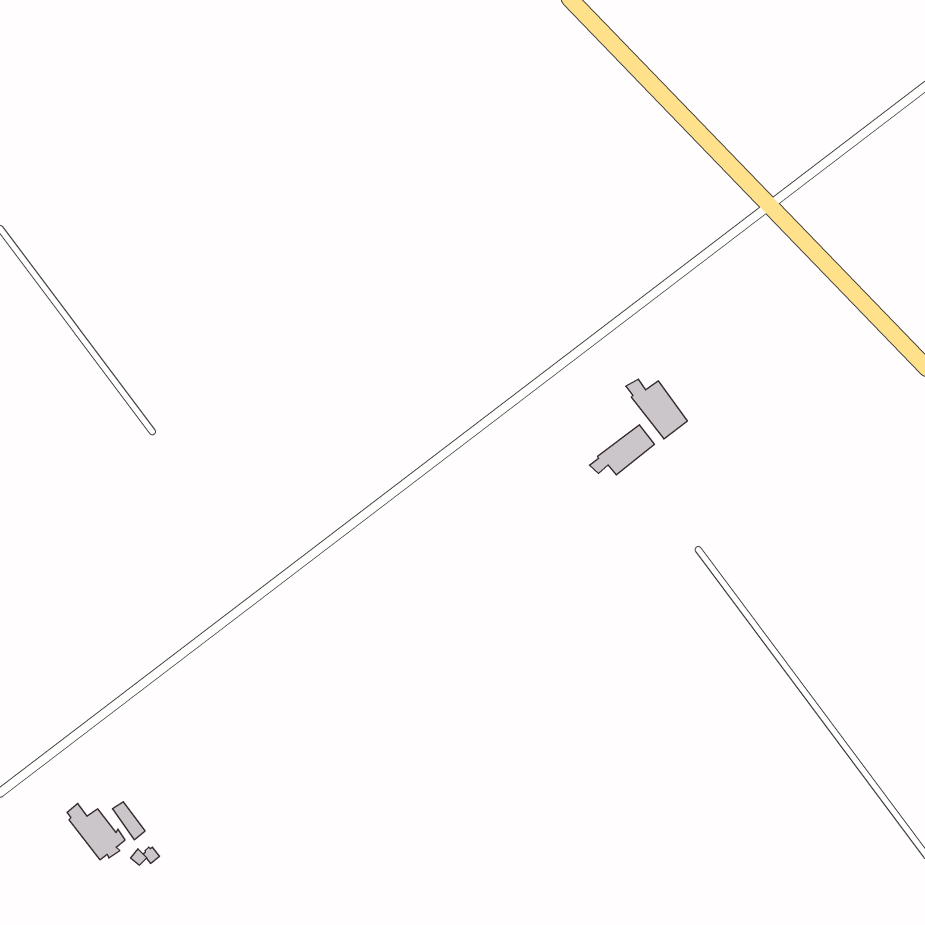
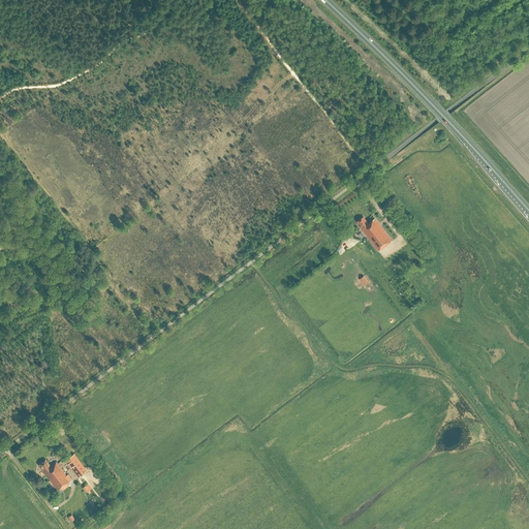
building: [589,425,654,475] -> none

